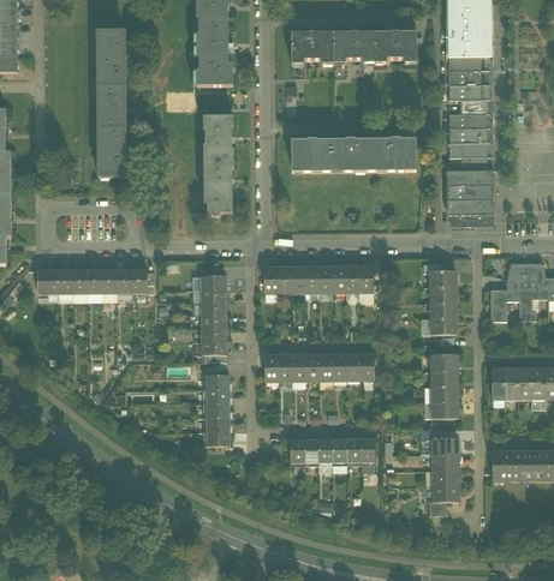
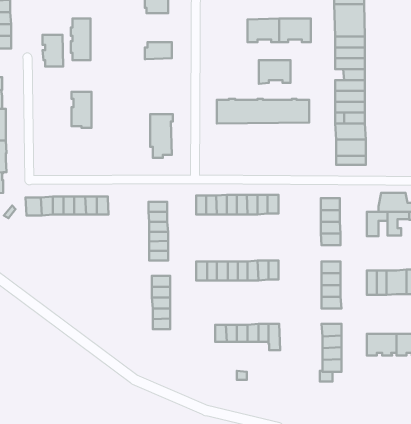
building: [197,24,227,62] -> none
building: [291,32,333,64] -> [259,60,291,84]
building: [97,86,125,128] -> [43,35,63,66]
building: [203,116,233,158] -> none

